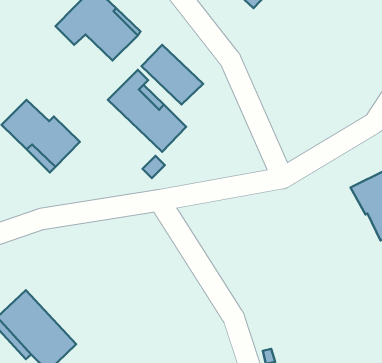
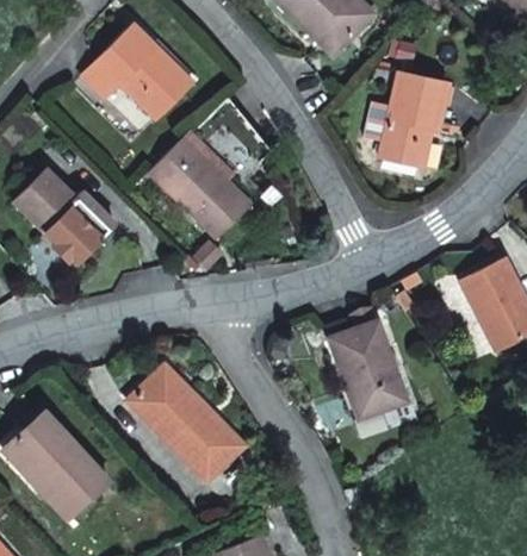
building: none -> [379,71,449,164]
building: none -> [329,321,405,418]
building: none -> [128,367,241,480]

